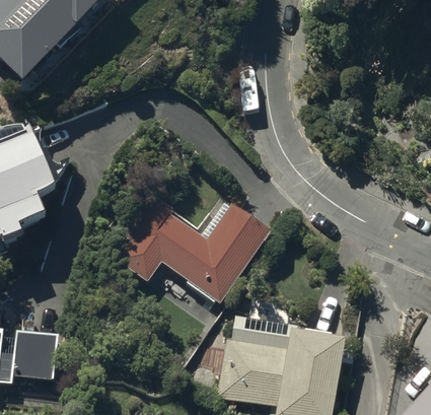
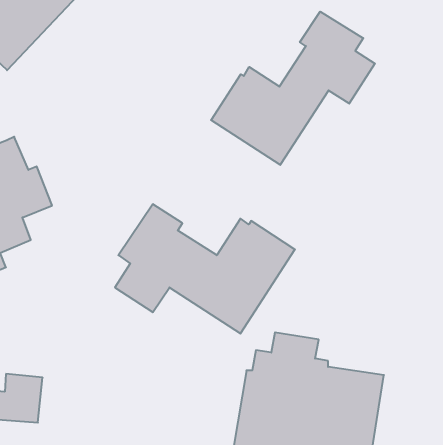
building: none -> [211,12,375,165]

